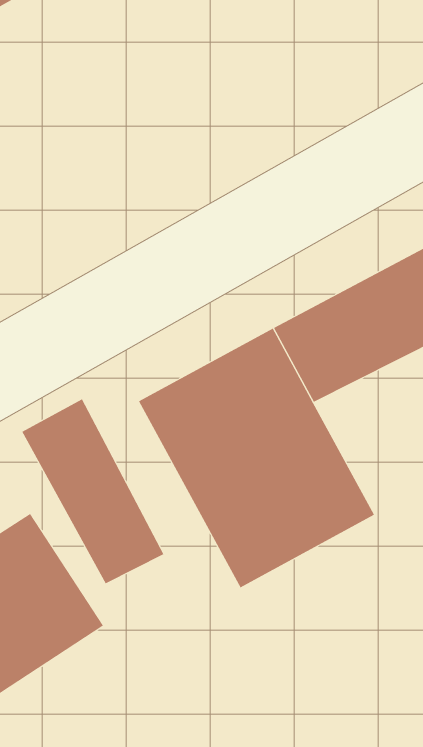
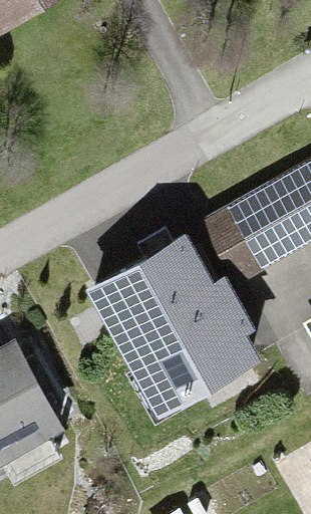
building: [22,399,164,584] -> none

